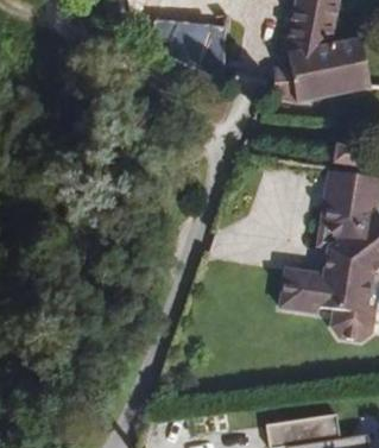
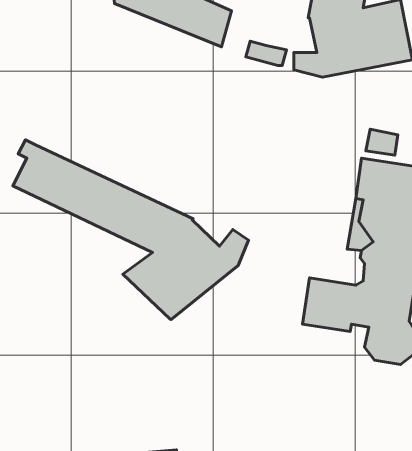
building: none -> [13,140,248,320]

